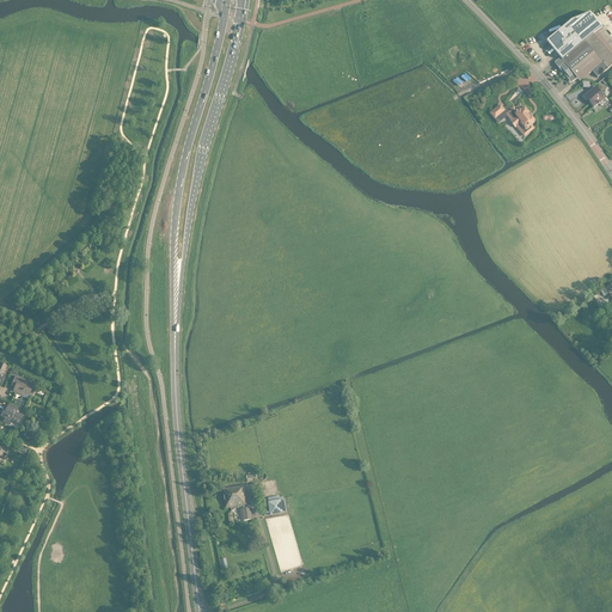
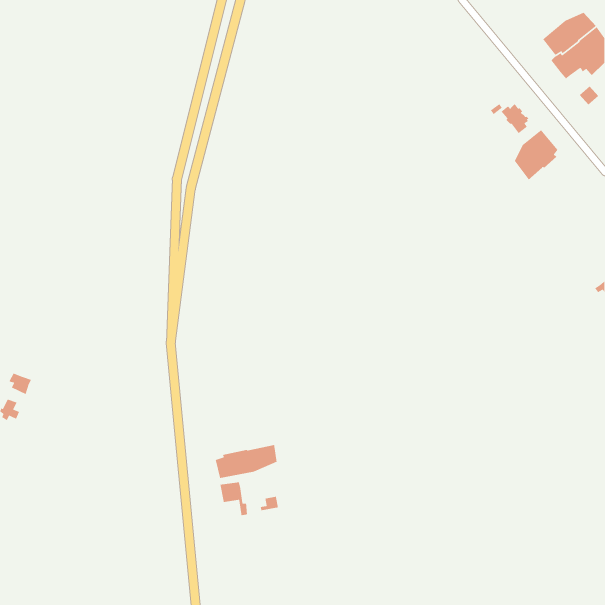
building: none -> [514,129,559,180]
building: none -> [215,444,277,479]

